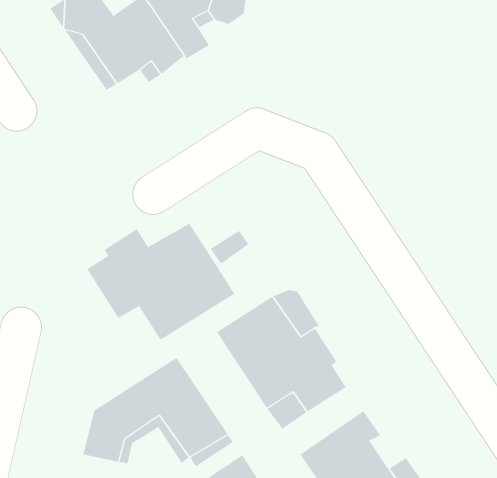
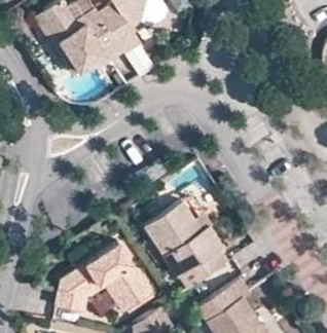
building: [86,223,235,341] -> none

